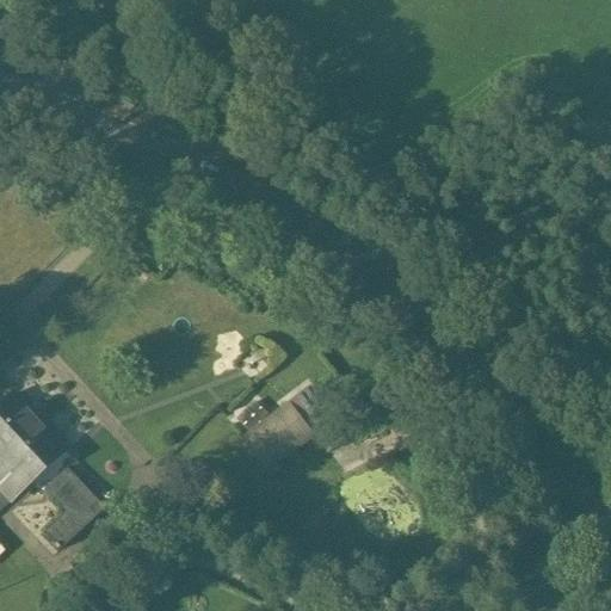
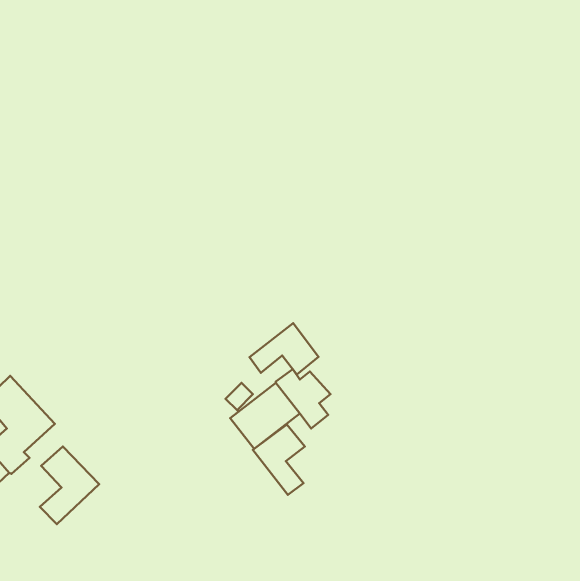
building: none -> [249,323,318,374]
building: none -> [253,424,305,495]

